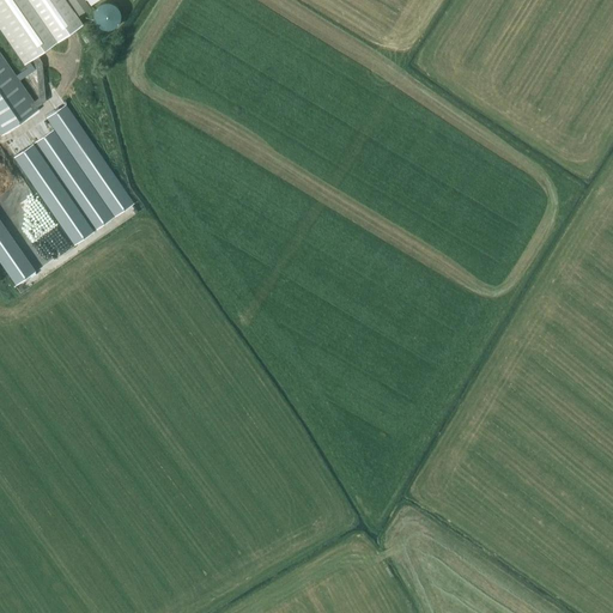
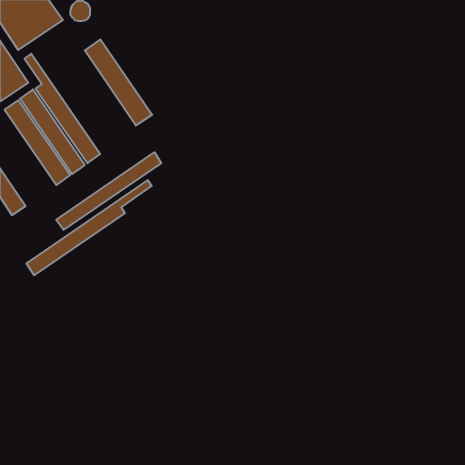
building: none -> [85,39,152,126]
building: none -> [56,152,161,230]
building: none -> [26,180,152,275]

